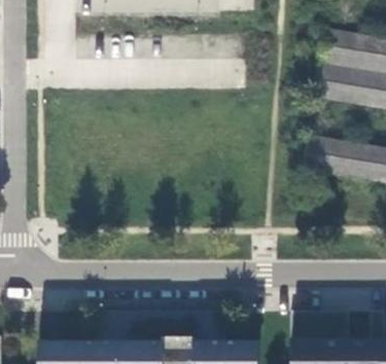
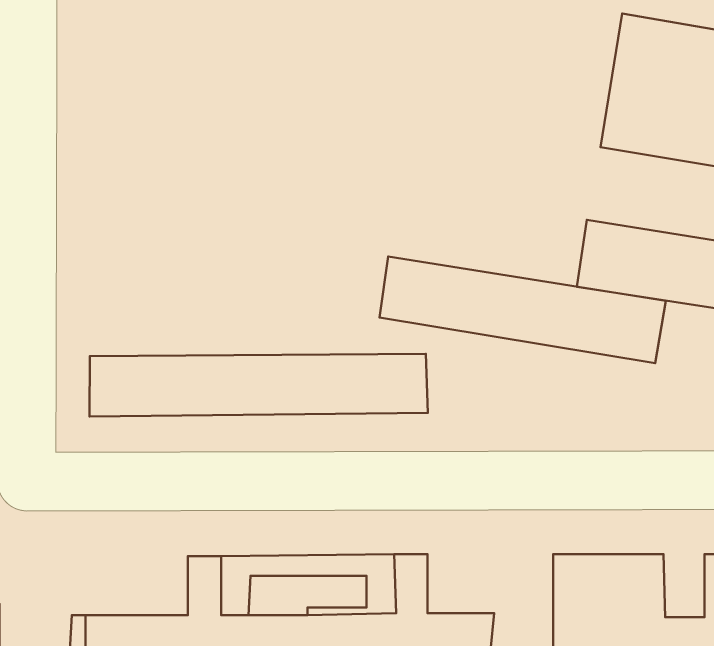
building: none -> [380,257,666,363]
building: none -> [90,354,428,417]

